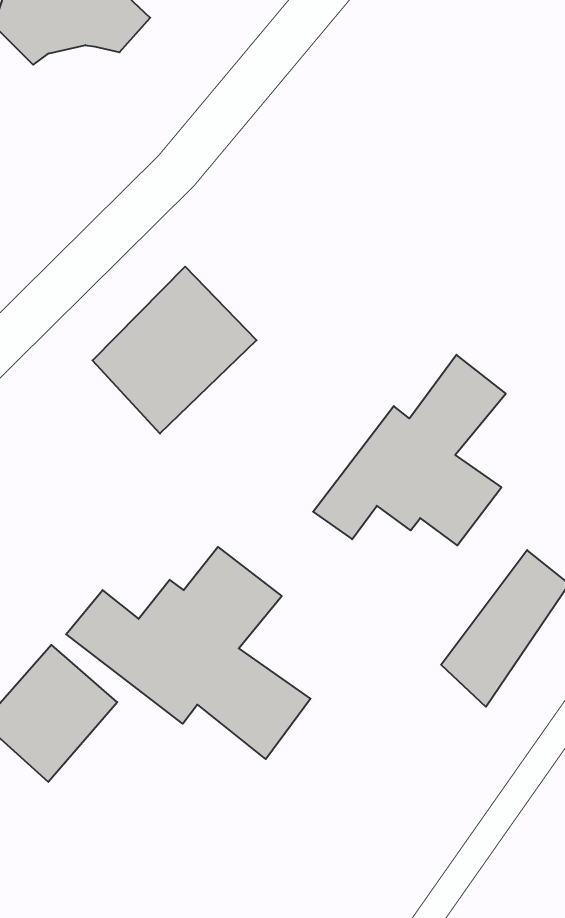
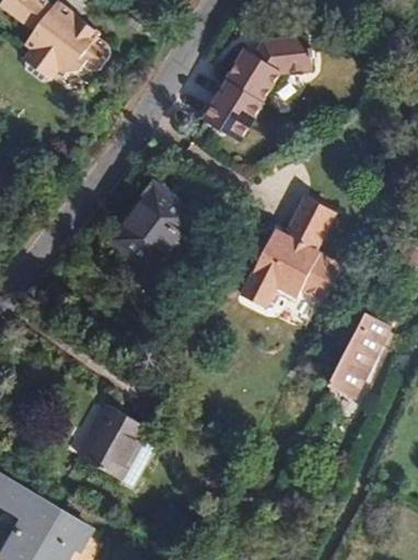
building: none -> [200,34,312,139]
building: [66,547,311,759] -> none

